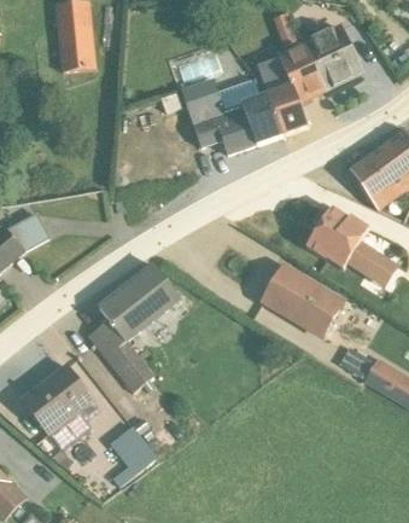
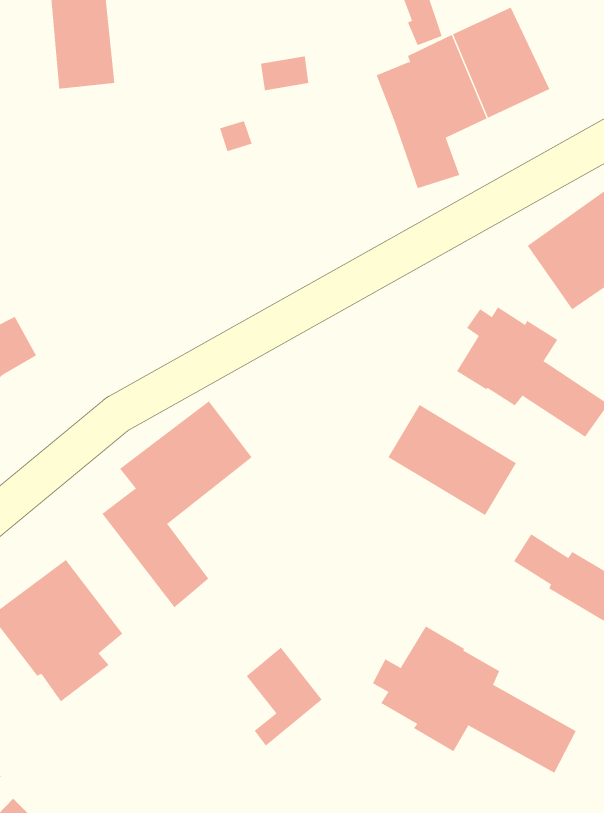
building: [181,82,281,153] -> none
building: none -> [372,625,576,774]
building: [107,425,154,487] -> [246,647,322,747]

